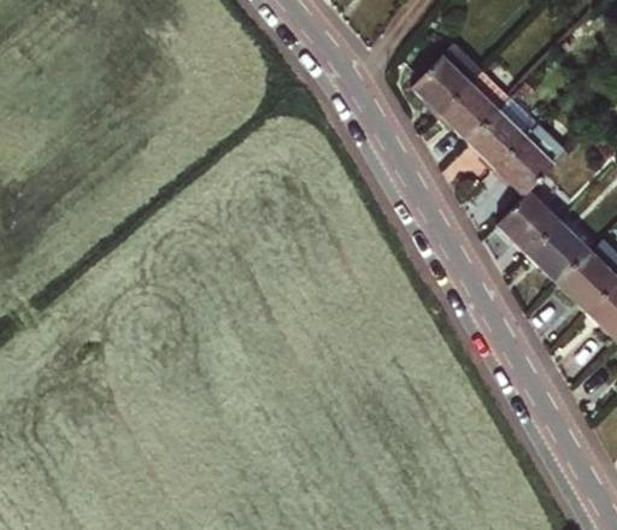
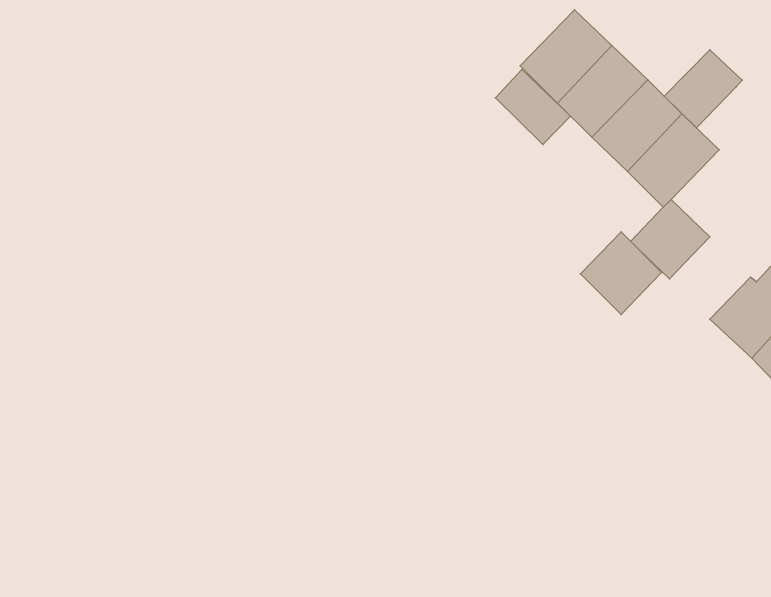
building: none -> [664,50,742,128]
building: none -> [495,69,571,144]
building: [527,218,589,282] -> [581,232,662,314]

